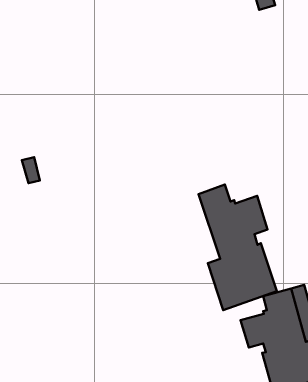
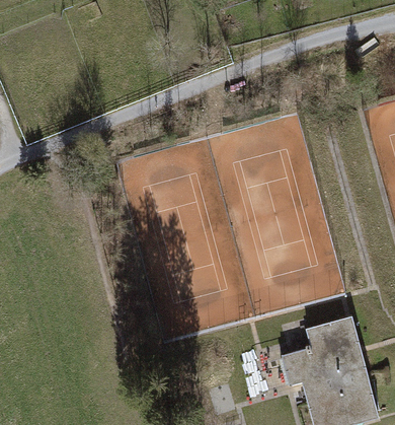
building: [199,184,277,310] -> none

